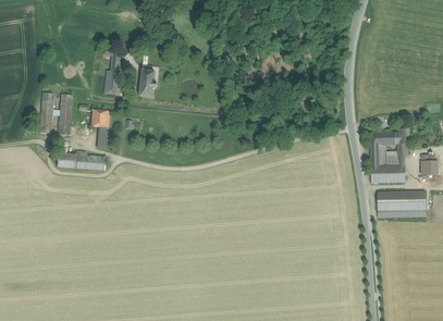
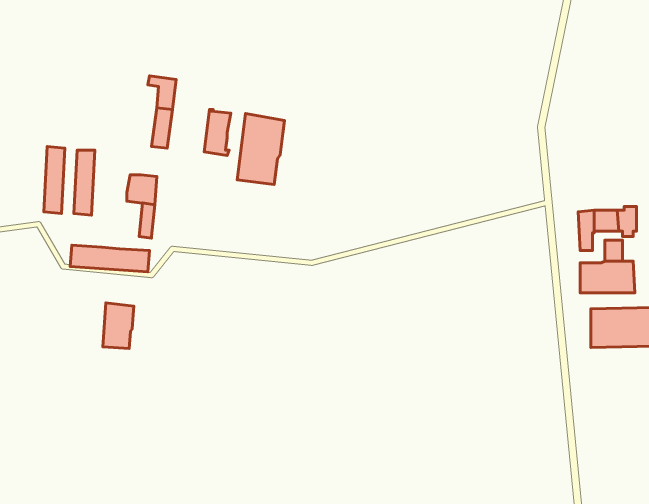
building: none -> [237,114,285,184]
building: none -> [103,303,134,349]

